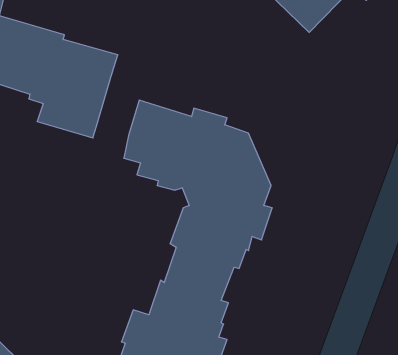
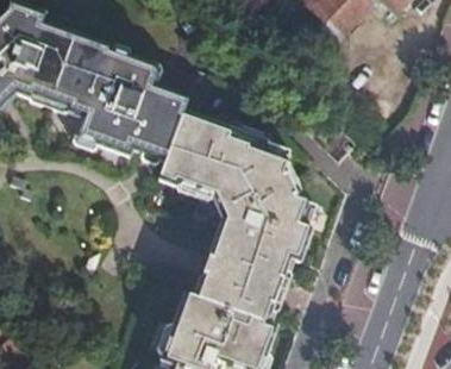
building: none -> [130,85,177,146]

